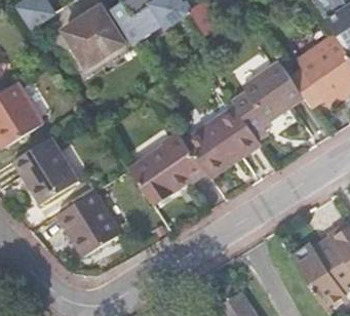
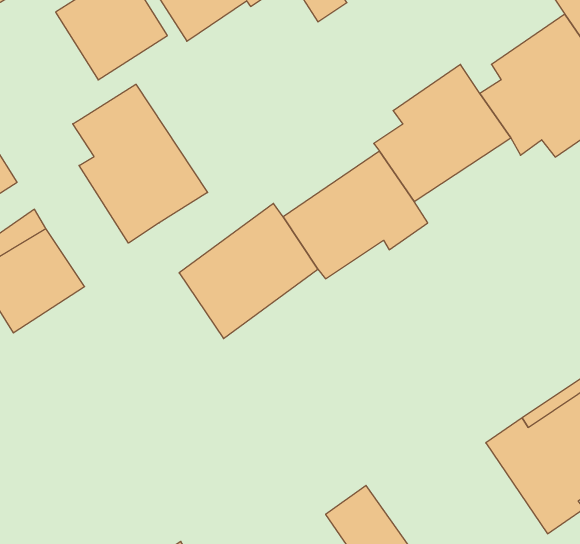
building: none -> [73,84,208,243]
building: [57,192,120,256] -> none

